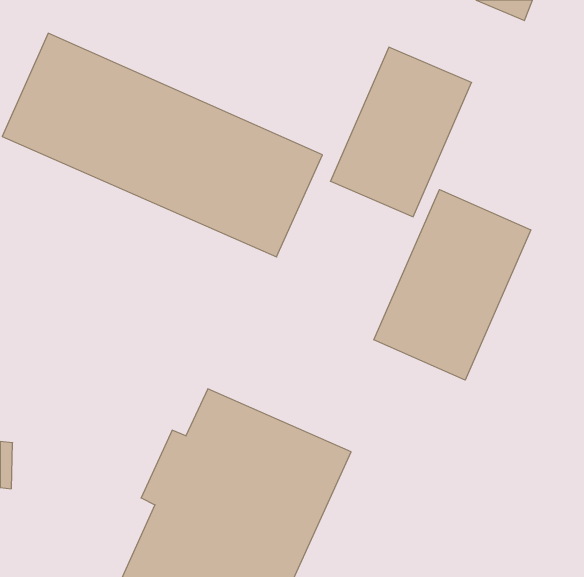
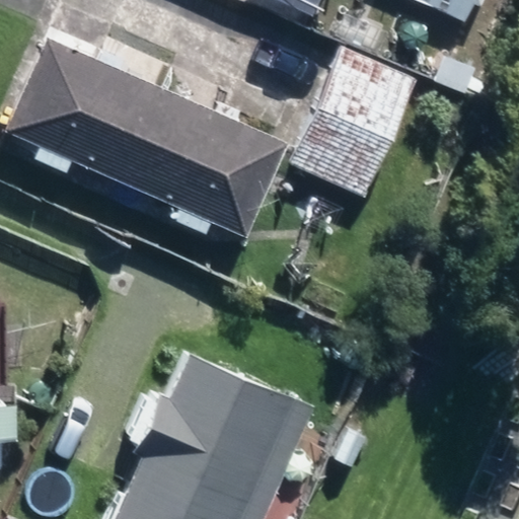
building: [374,190,531,380] -> none

